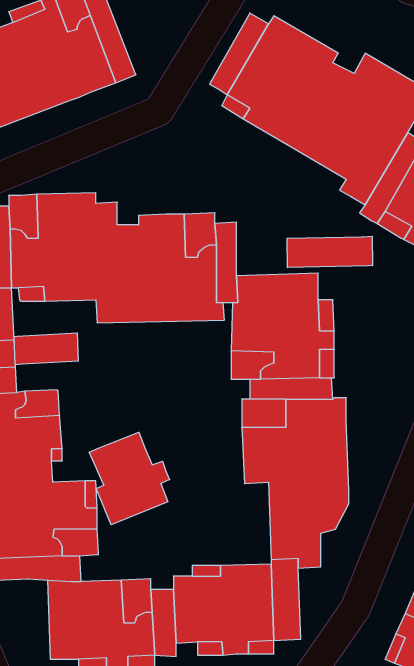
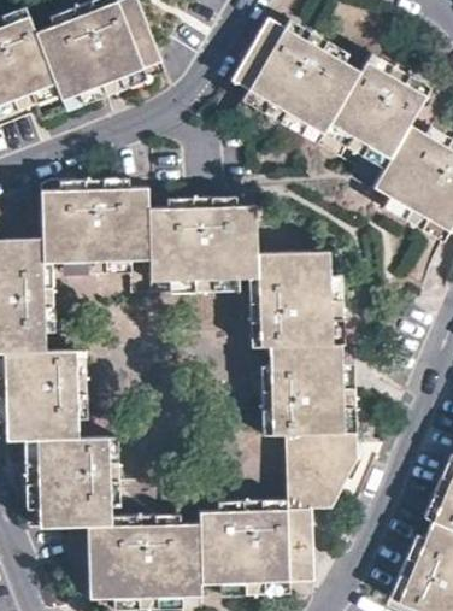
building: [287,236,373,268] -> none
building: [14,333,78,365] -> none
building: [89,432,170,525] -> none

